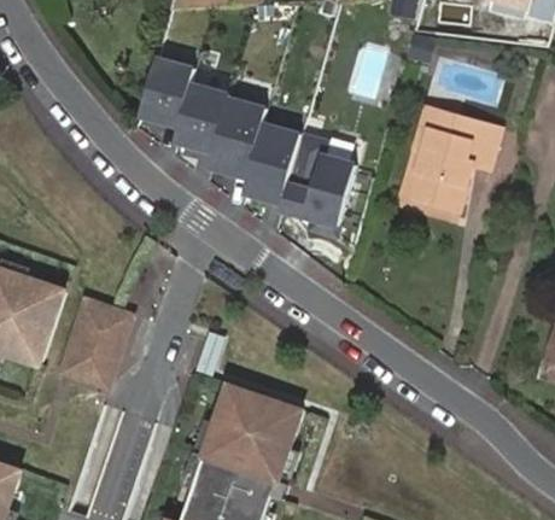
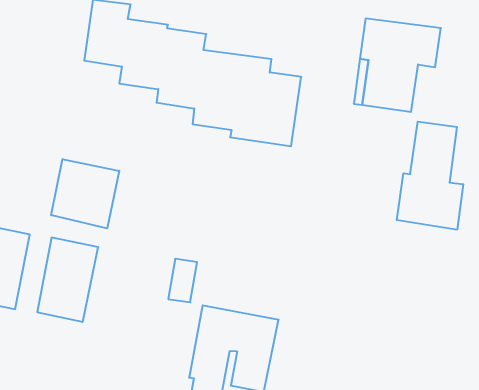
building: none -> [51,159,119,228]
building: none -> [397,122,463,230]

